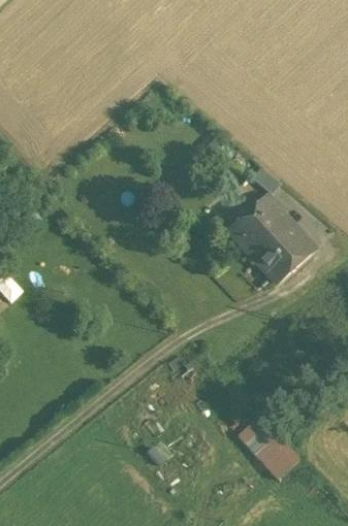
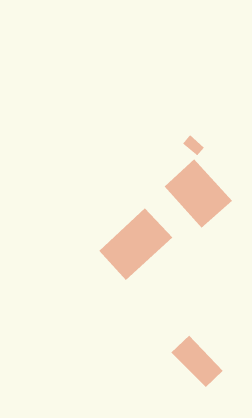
building: none -> [98,207,173,281]

